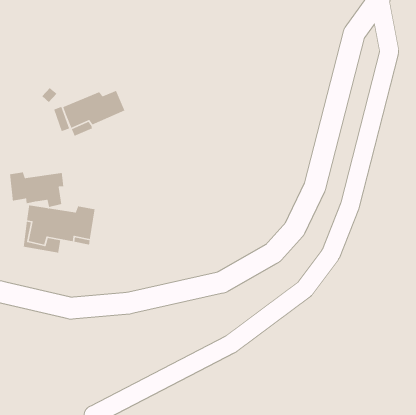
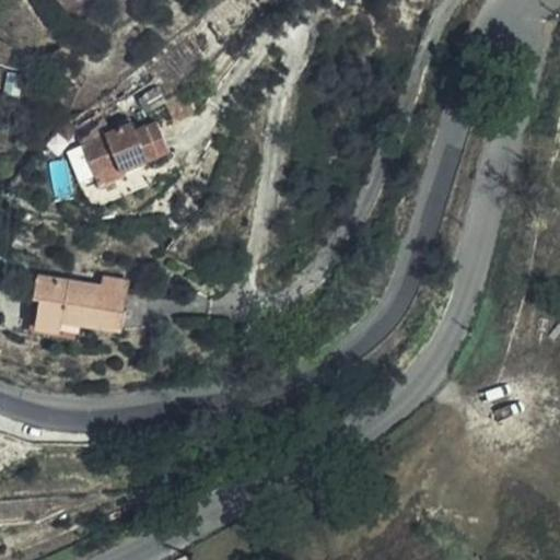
building: [9,172,64,208] -> none

